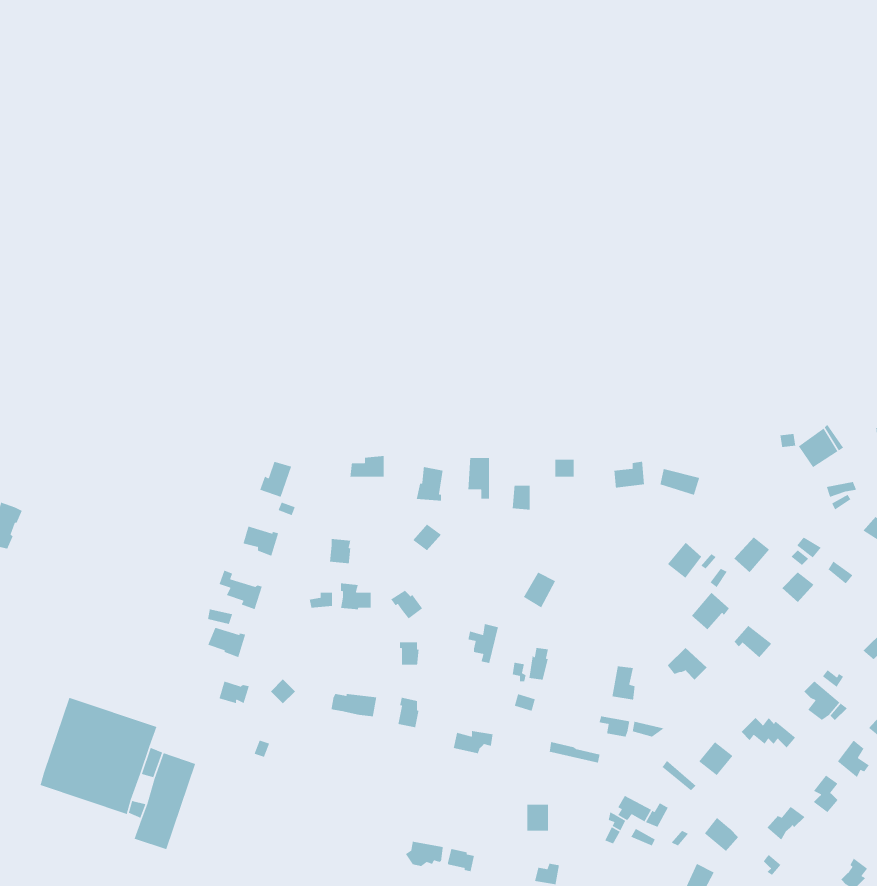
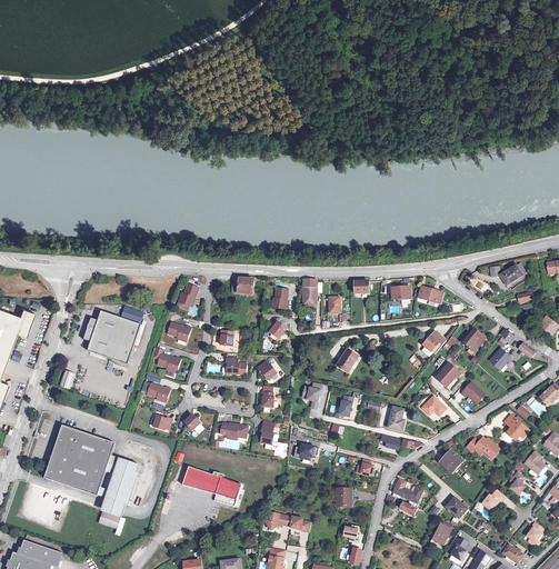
building: none -> [82,311,140,363]
building: none -> [182,467,241,506]

